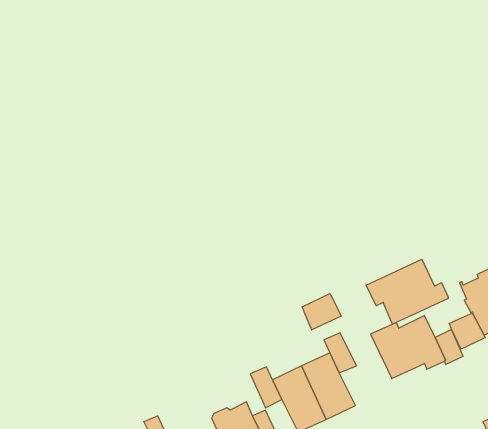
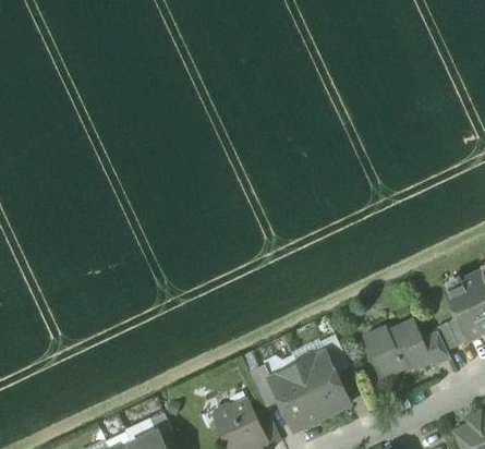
building: [366,259,448,324] -> none
building: [302,293,341,330] -> none

